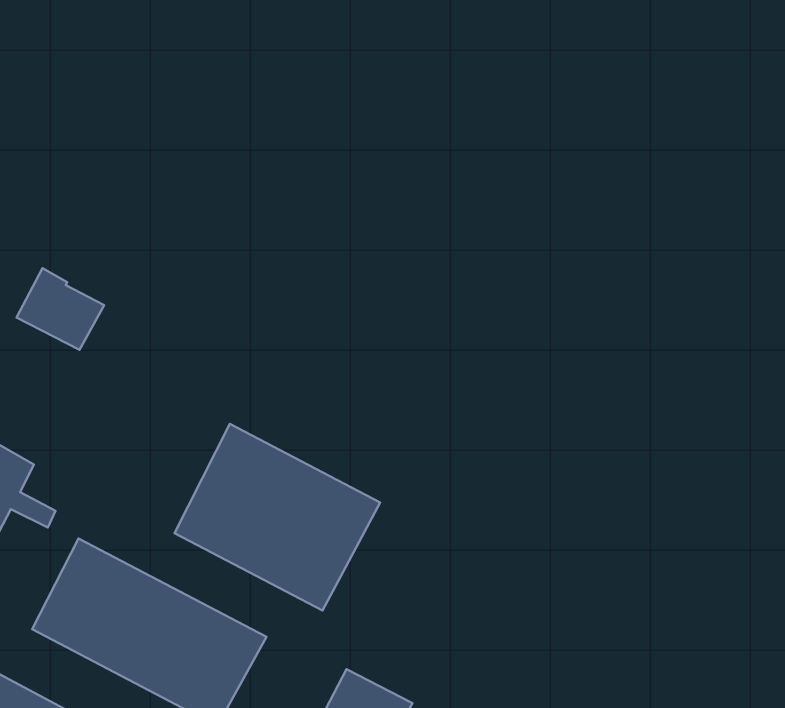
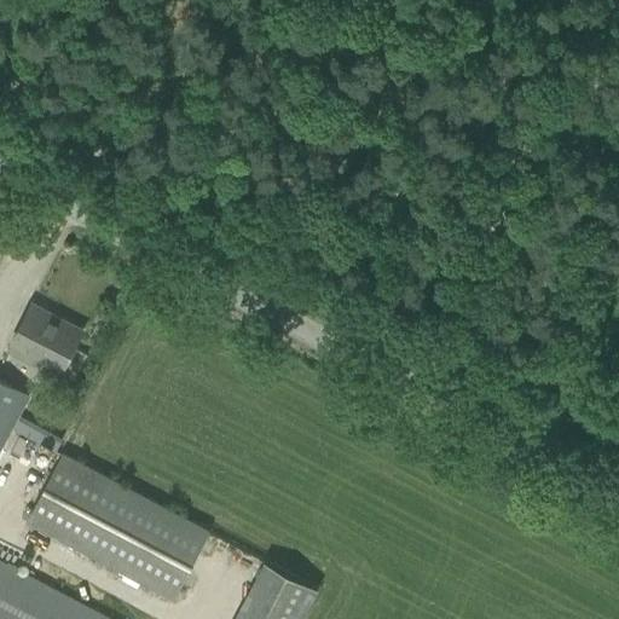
building: [16,268,104,350] -> [10,306,79,370]
building: [175,424,380,611] -> none

